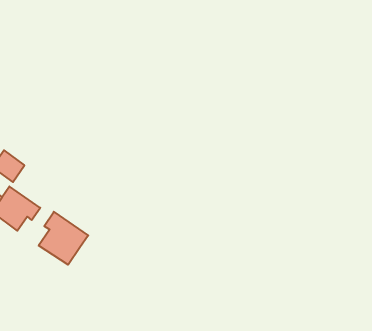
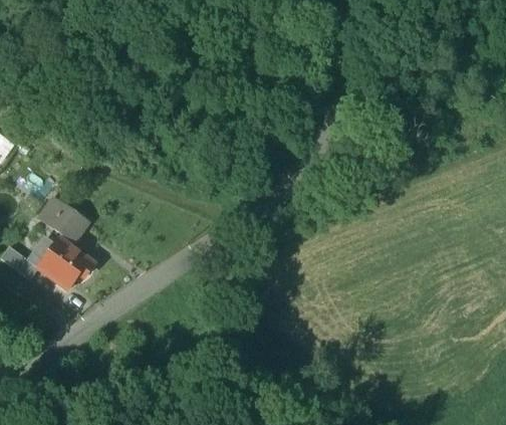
building: [39,212,88,265] -> none

